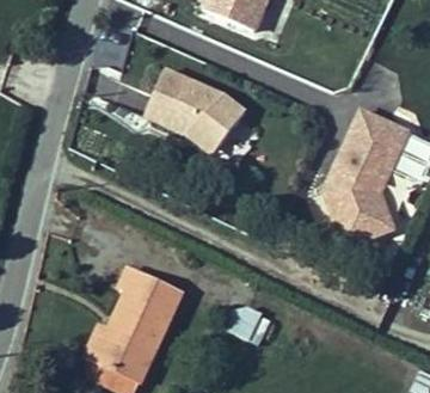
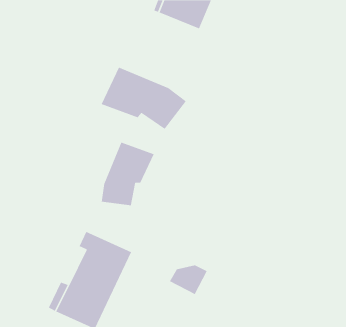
building: [320,113,419,246] -> none
building: none -> [101,141,155,206]

